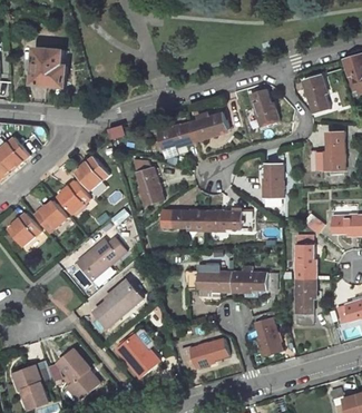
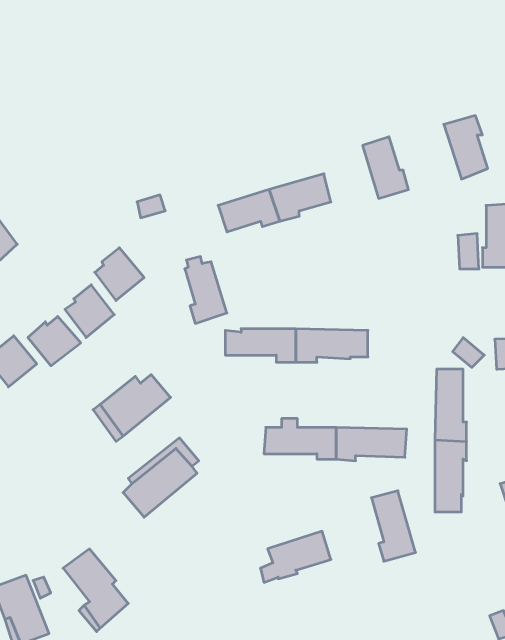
building: [32,49,67,87] -> none
building: [262,163,283,198] -> none
building: [119,334,160,377] -> none

